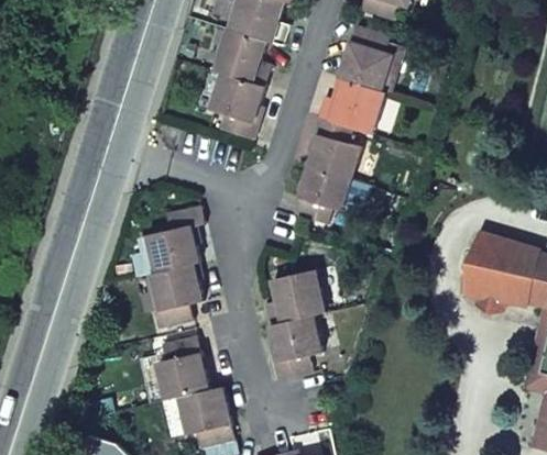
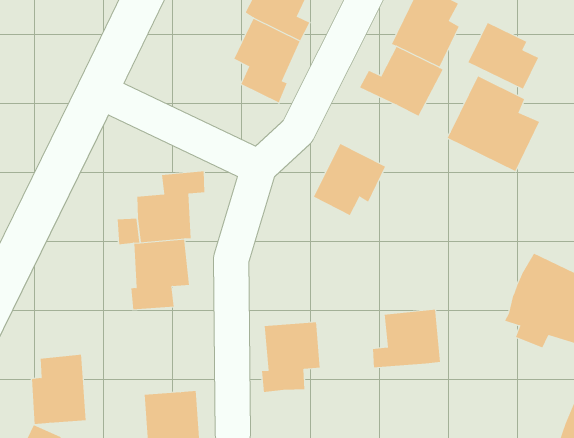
building: none -> [467,22,539,90]
building: none -> [447,75,540,172]
building: [308,118,359,179] -> none
building: [265,269,324,325] -> [372,309,441,368]
building: [157,336,208,400] -> [31,354,87,425]

